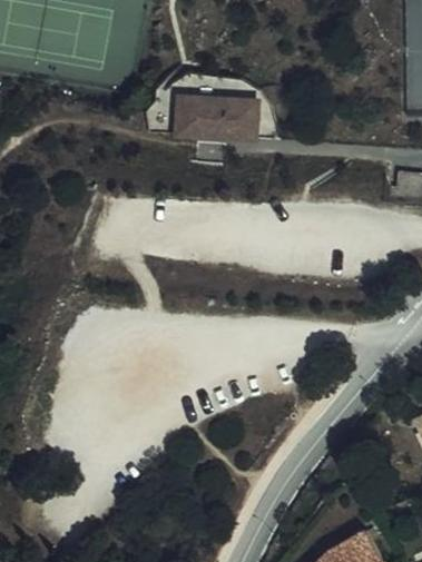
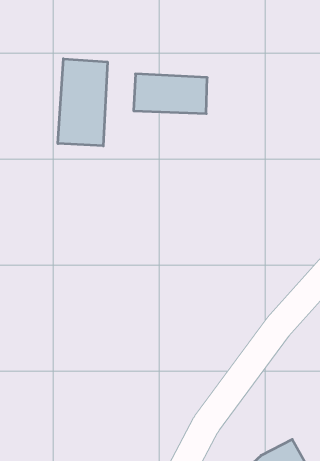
building: none -> [58,59,107,146]

